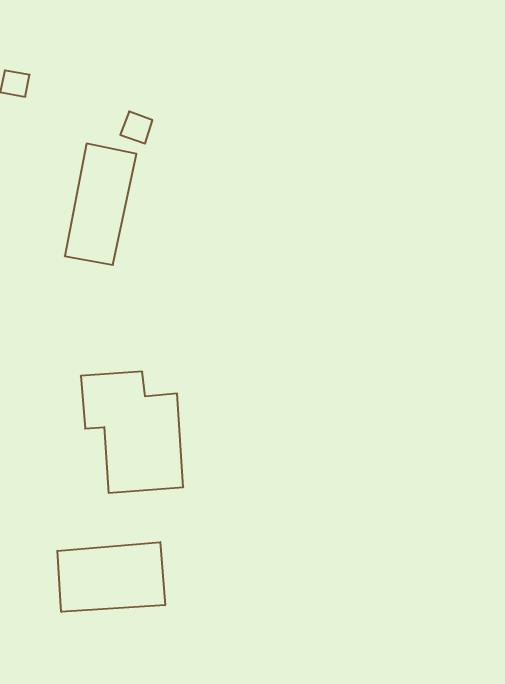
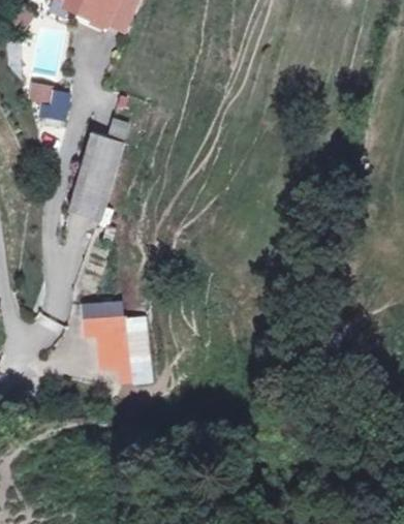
building: [57,542,165,612] -> none

